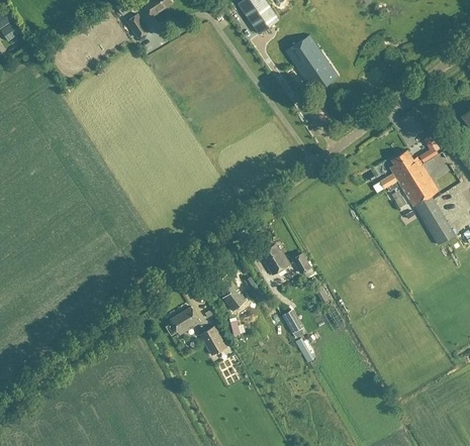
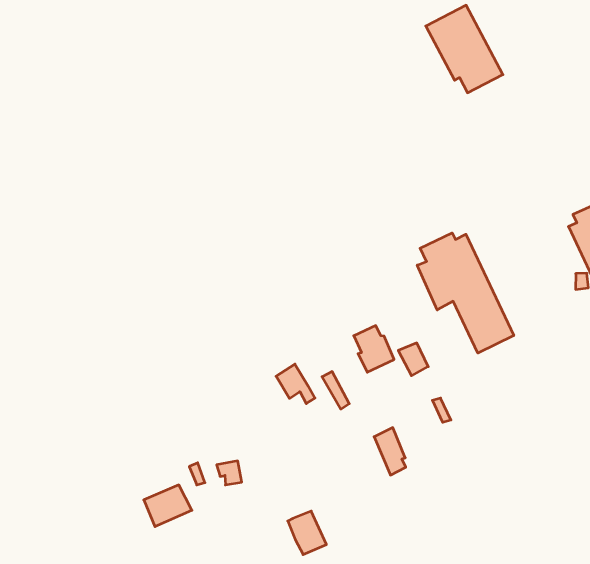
building: none -> [417,233,514,353]
building: [170,307,201,335] -> [144,485,192,527]
building: [200,326,226,354] -> [288,511,326,555]

